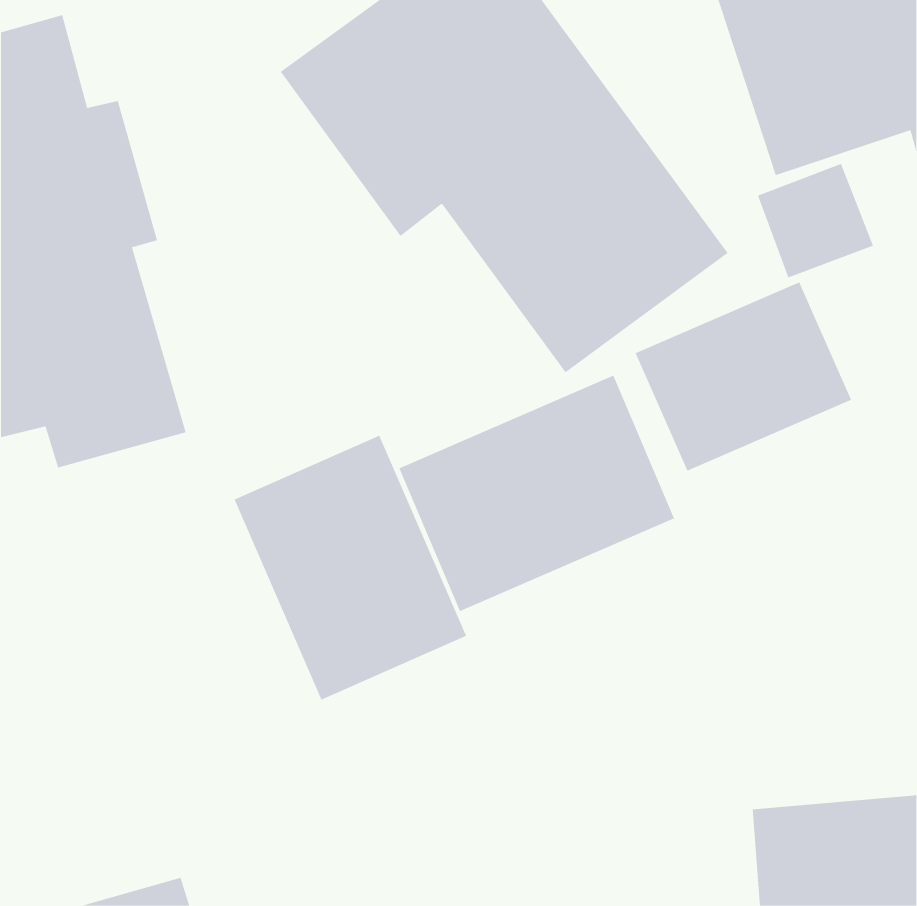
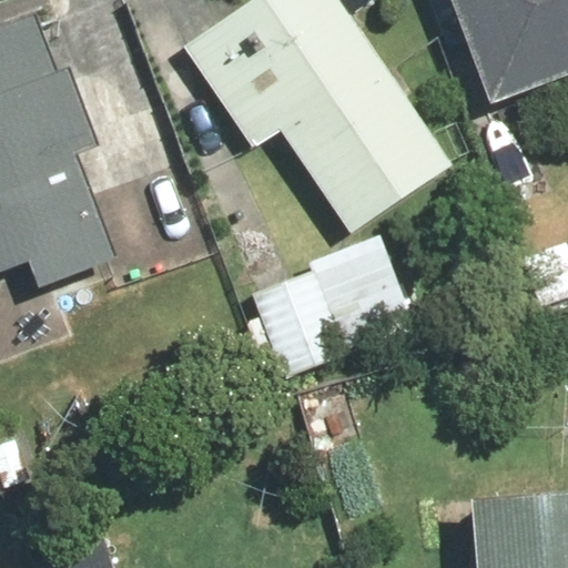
building: [635,282,852,471] -> none
building: [234,435,467,700] -> none

